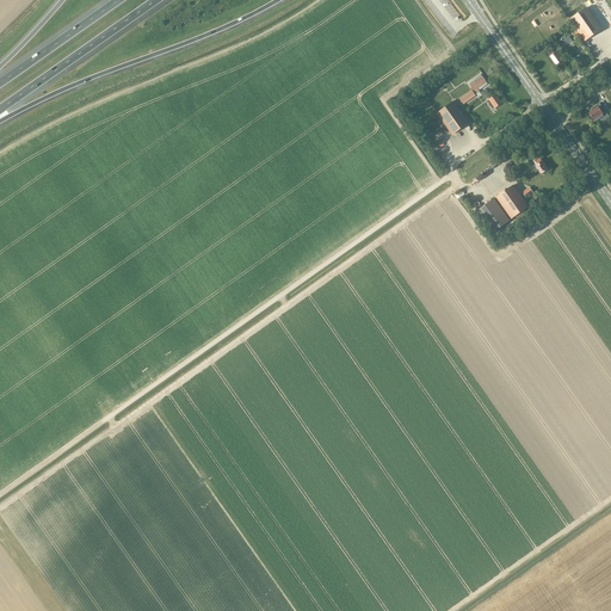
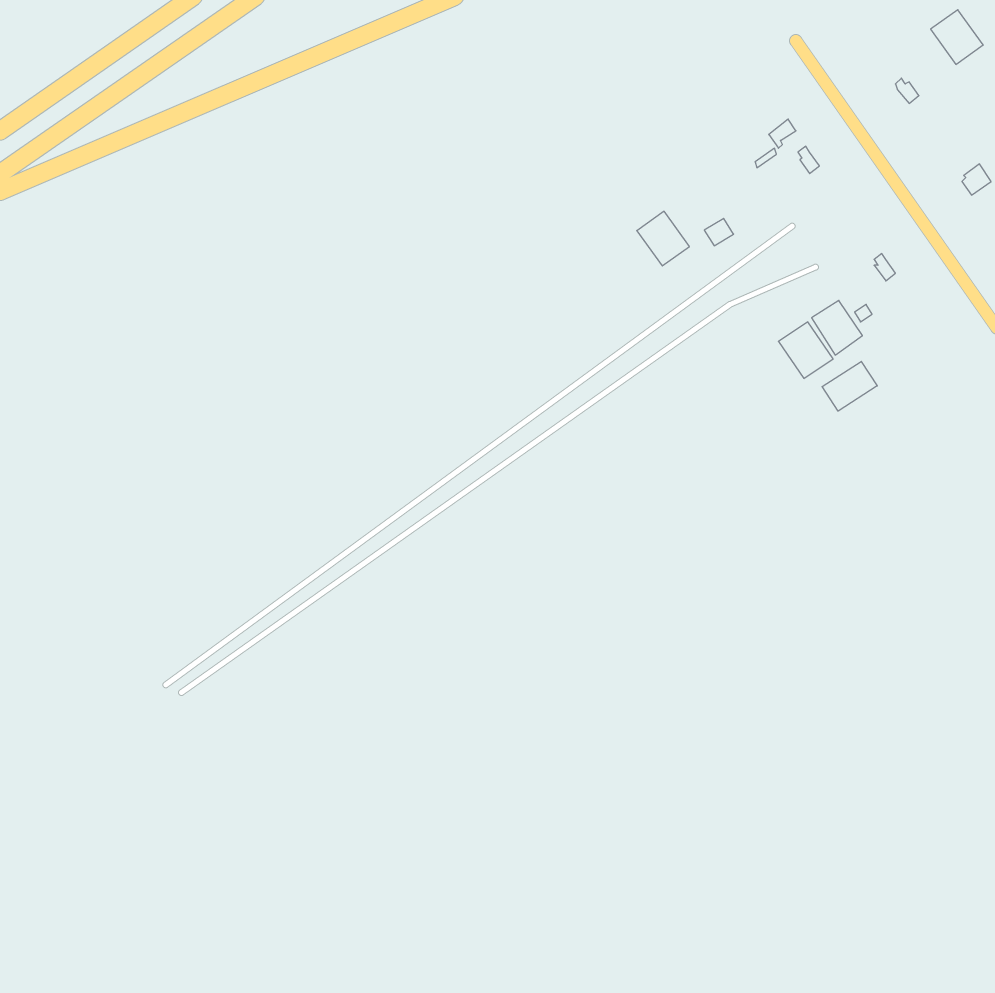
building: [438,99,470,132] -> [637,211,689,266]
building: none -> [822,361,877,411]

